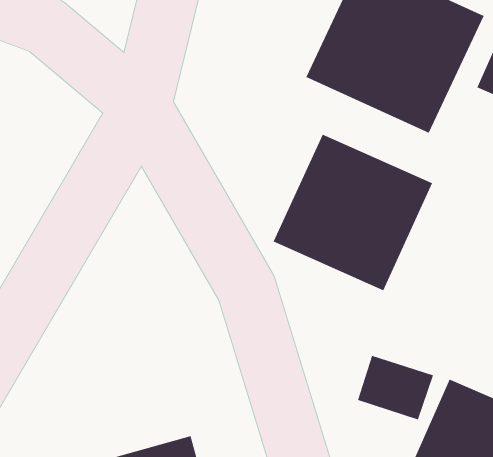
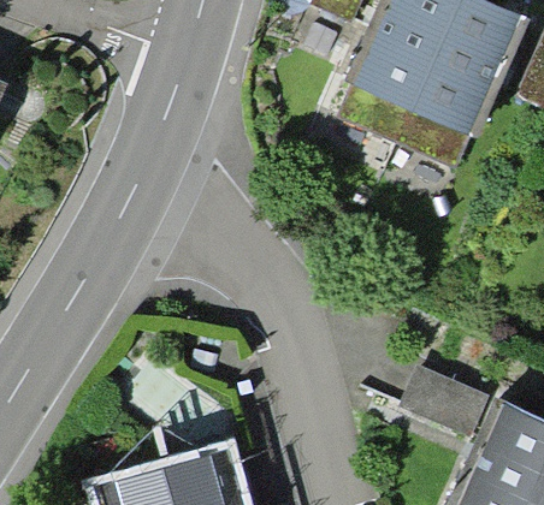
building: [273,134,433,291] -> none

